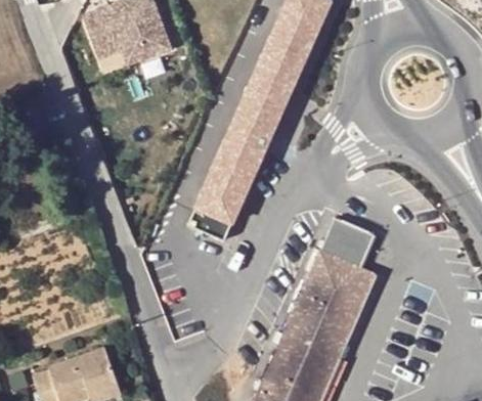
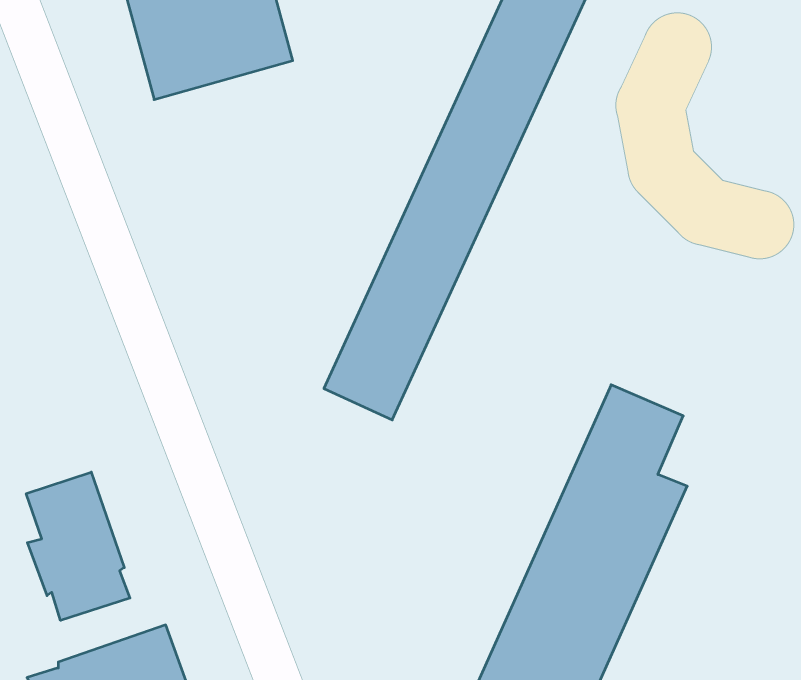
building: none -> [26,472,130,620]

